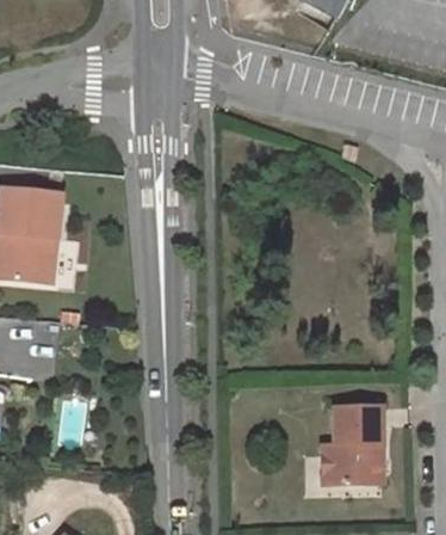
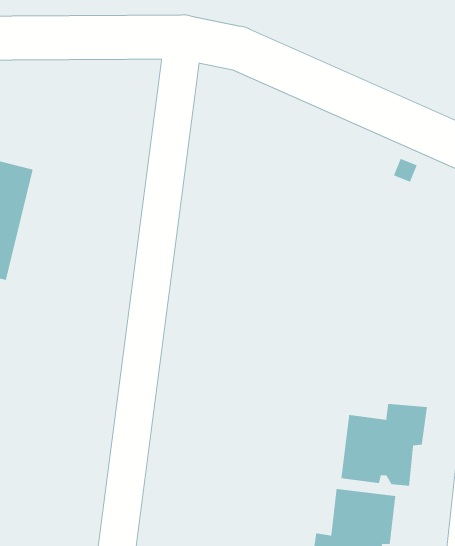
building: none -> [341,403,427,486]

